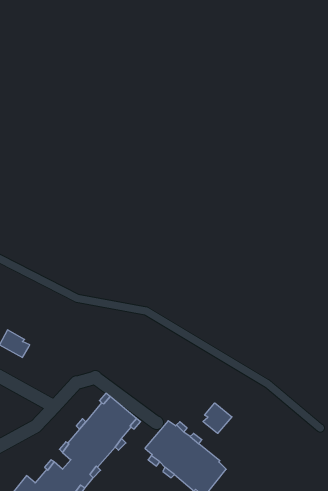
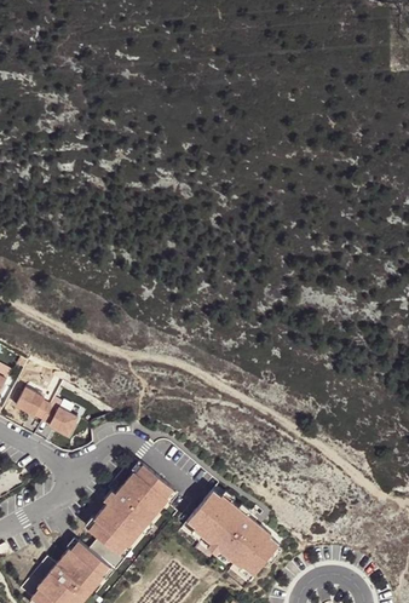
building: none -> [41,407,77,436]
building: [203,403,232,433] -> none

